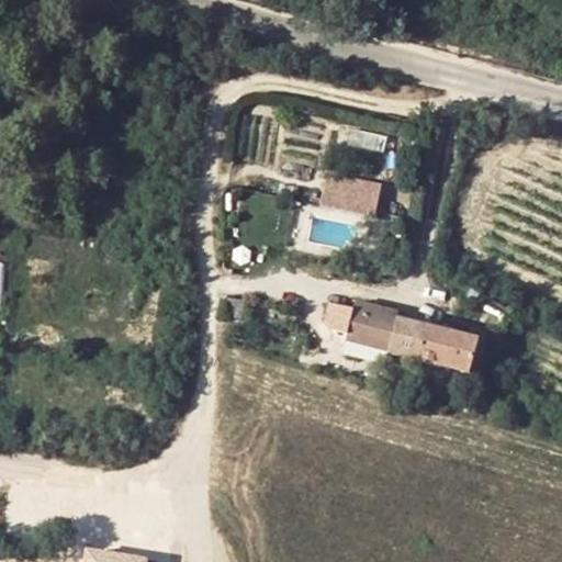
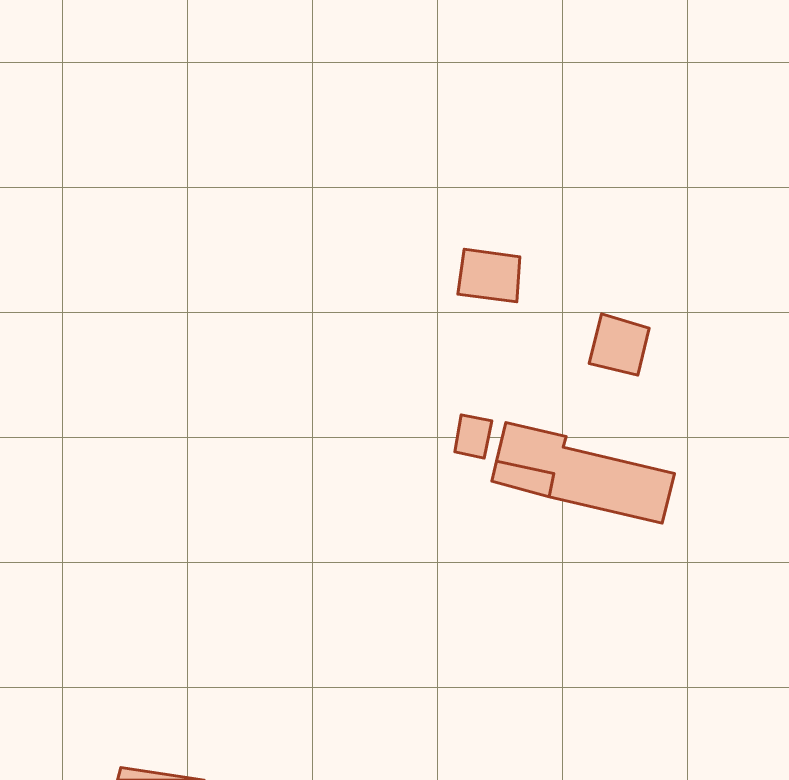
building: none -> [589,314,649,375]

